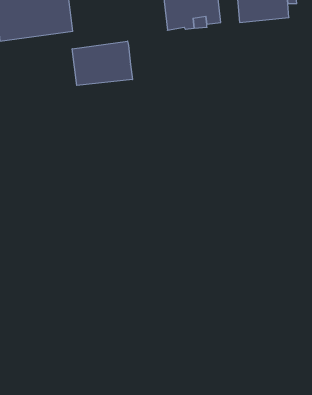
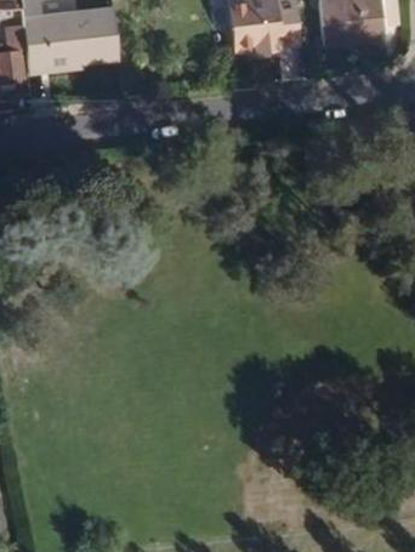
building: [72,41,132,85] -> none

